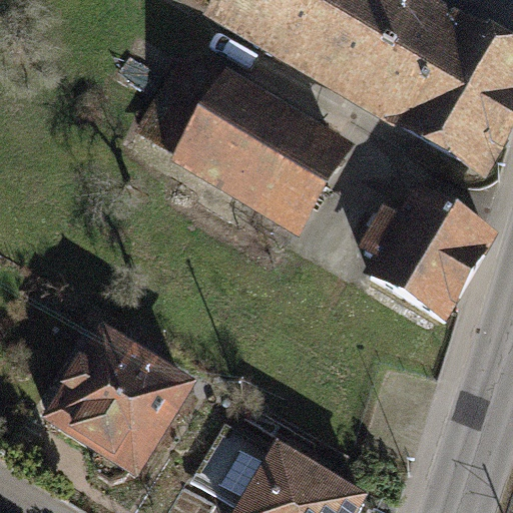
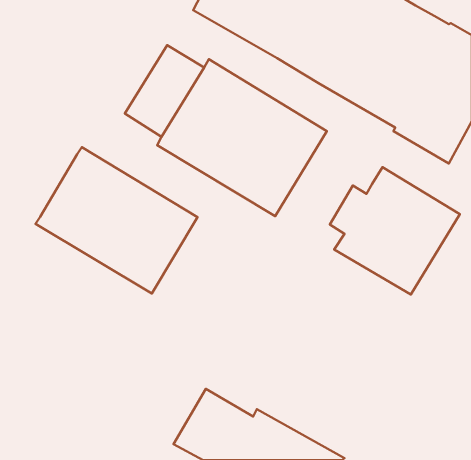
building: none -> [35,147,198,293]
building: [38,329,192,483] -> none

